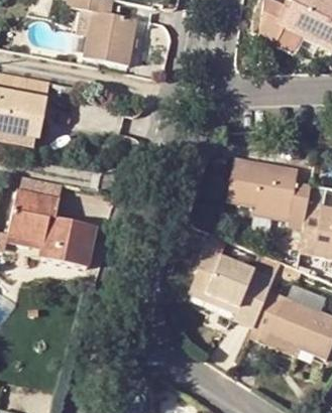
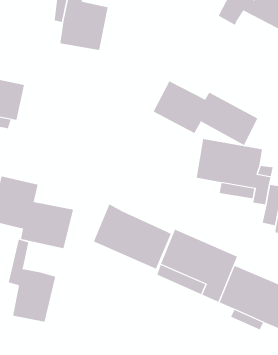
building: none -> [153,80,258,146]
building: none -> [93,204,172,269]
building: none -> [8,239,56,322]

